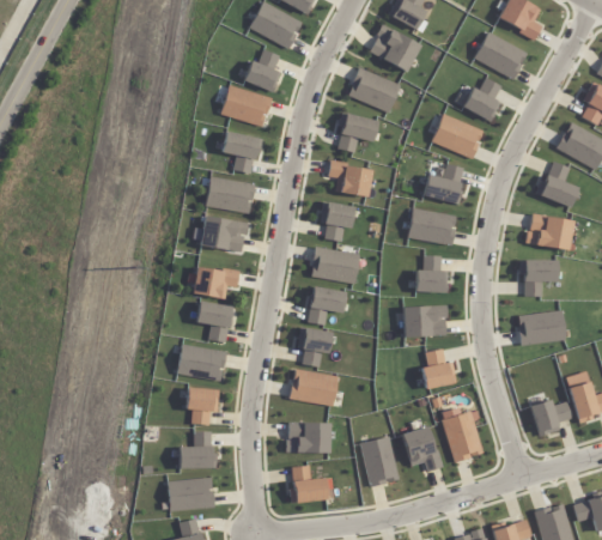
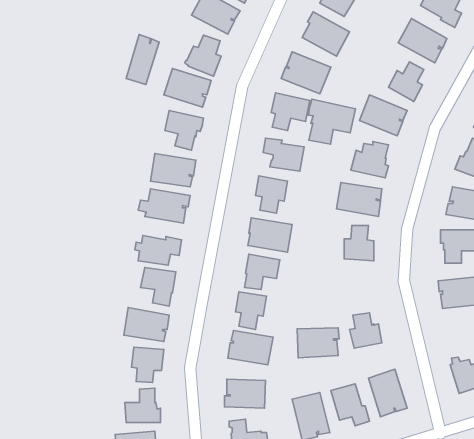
building: none -> [126,34,159,85]
building: none -> [309,99,356,144]
building: [402,305,448,338] -> [297,328,339,358]

